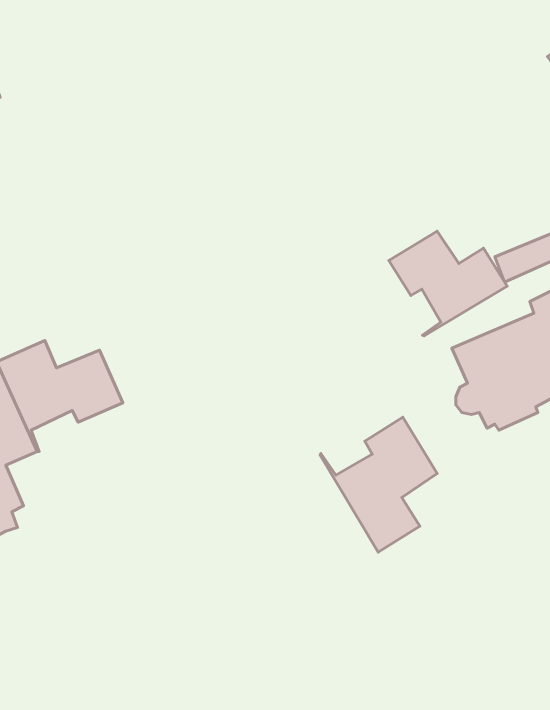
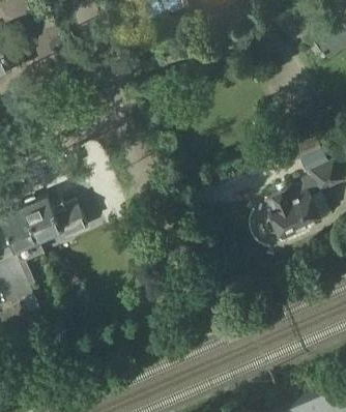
building: [389,231,507,336] -> none
building: [320,417,437,552] -> none

